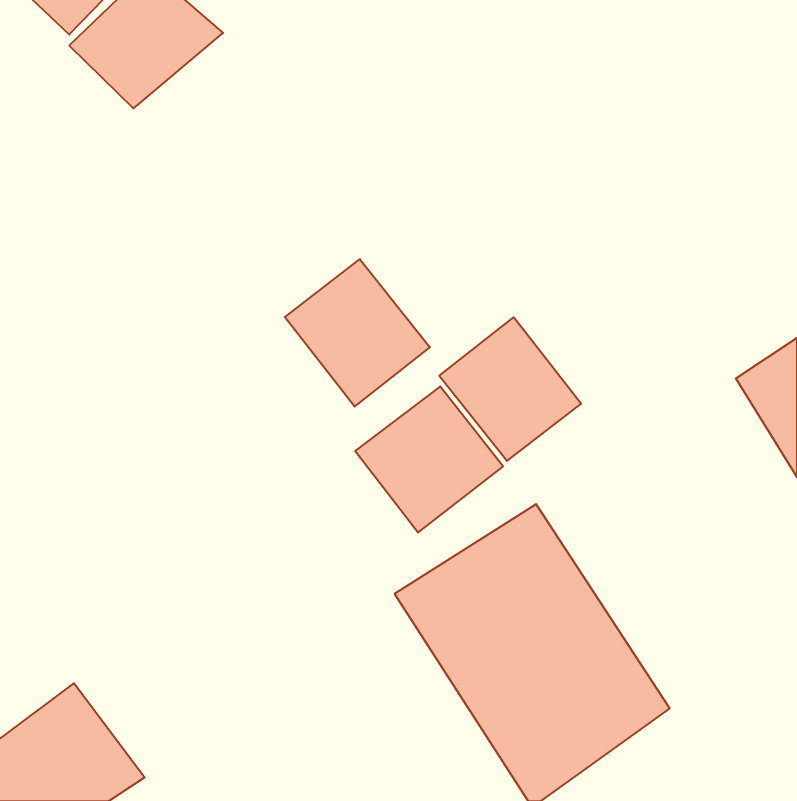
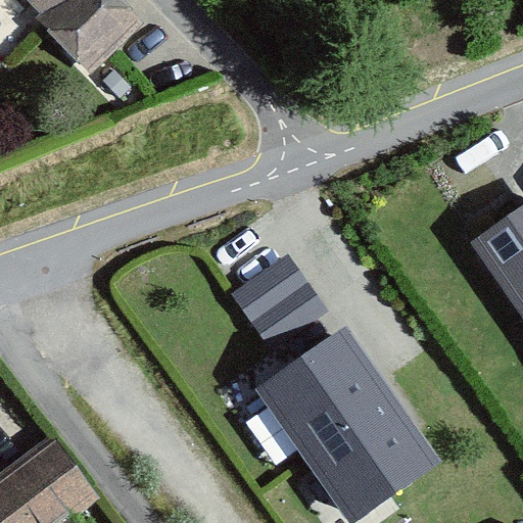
building: [285,259,430,407] -> none
building: [439,317,581,461] -> none

